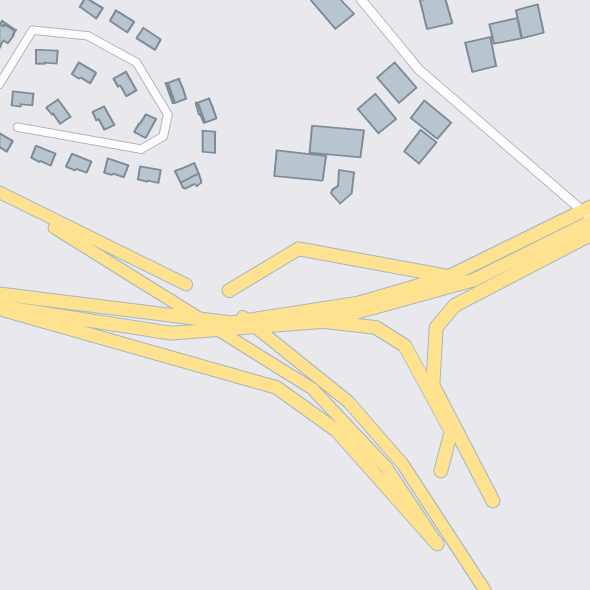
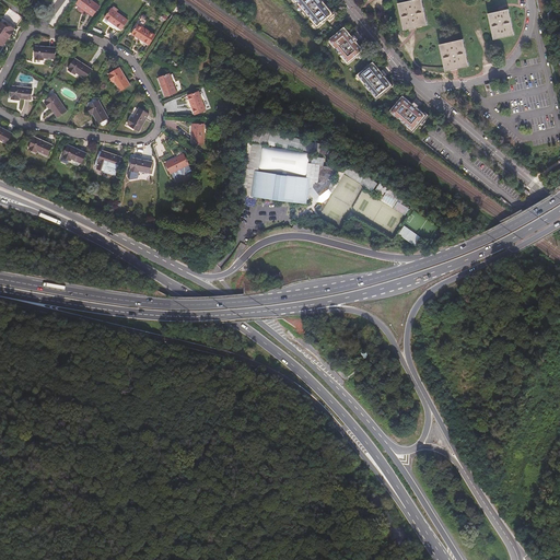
building: [489,18,521,44] -> none
building: [358,94,396,133] -> [328,25,364,62]
building: [310,126,364,157] -> [256,168,307,198]
building: [404,130,436,164] -> none

